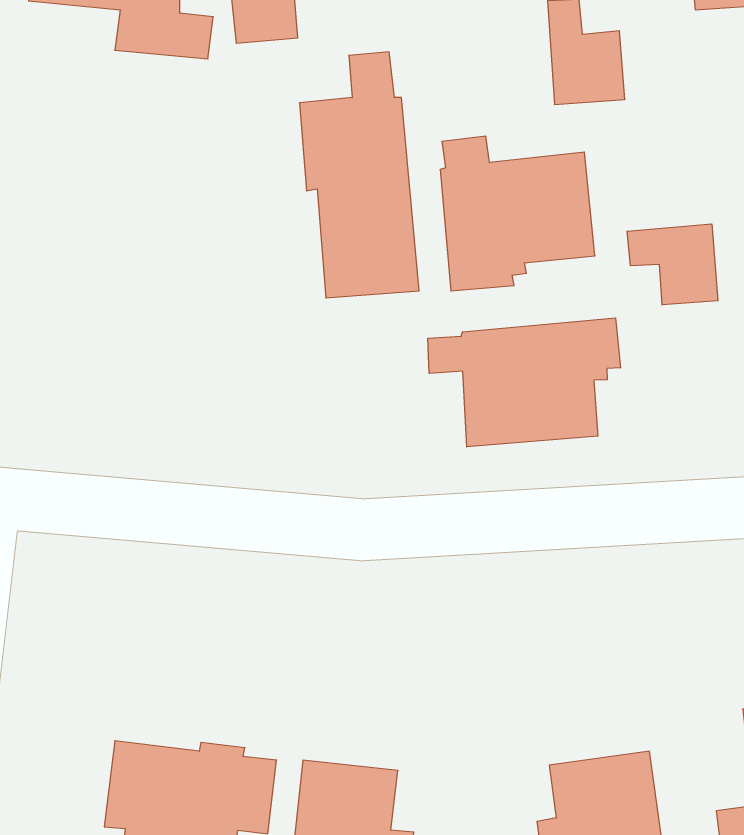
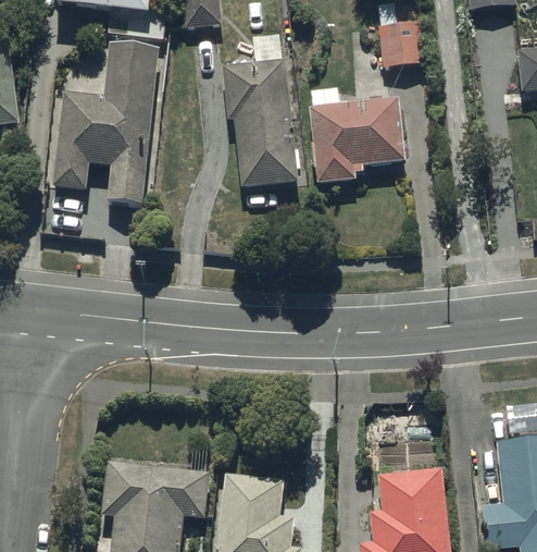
building: none -> [54,42,158,201]
building: [627,224,718,305] -> none
building: [428,318,620,447] -> none

